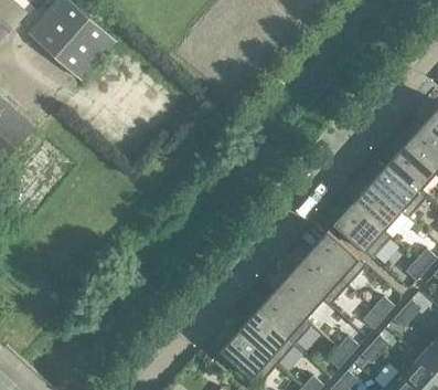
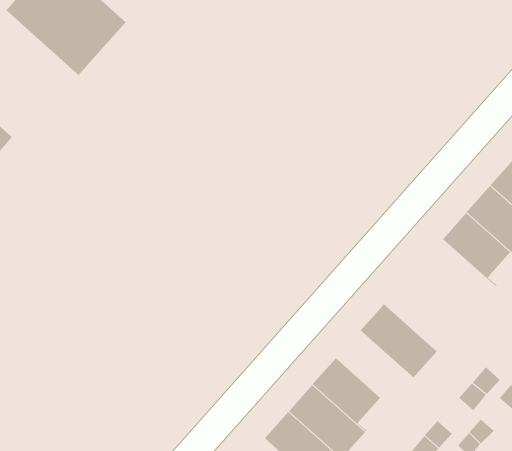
building: [333,202,391,259] -> none
building: [308,229,366,285] -> none
building: [273,270,330,319] -> none

